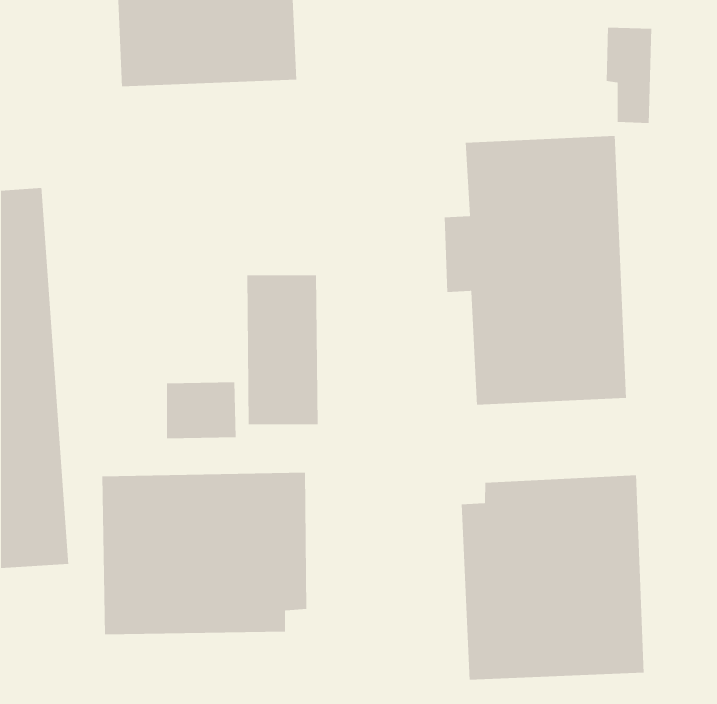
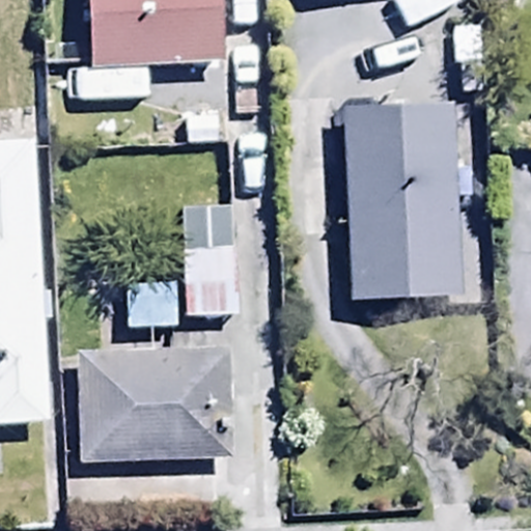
building: [461,474,645,681] -> none

